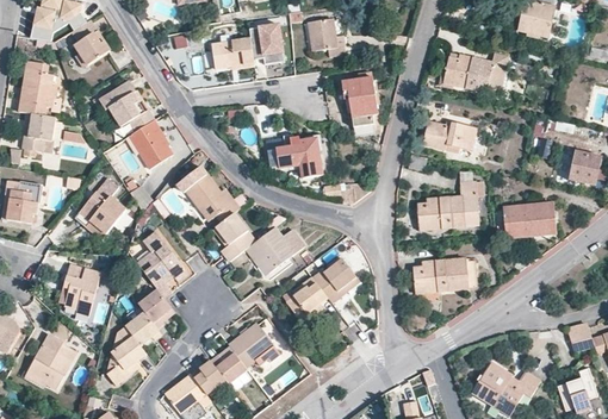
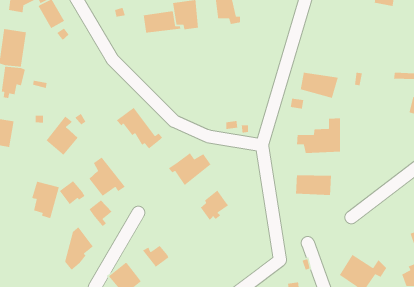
building: [443,55,490,92] -> none
building: [342,77,378,136] -> none
building: [100,82,172,169] -> none
building: [265,137,323,179] -> none
building: [508,206,551,237] -> none
building: [216,213,255,261] -> none
building: [311,261,355,304] -> none
building: [125,312,161,345] -> [59,180,86,205]
building: [227,324,279,365] -> none
building: [25,334,76,388] -> none
building: [191,358,227,395] -> none

